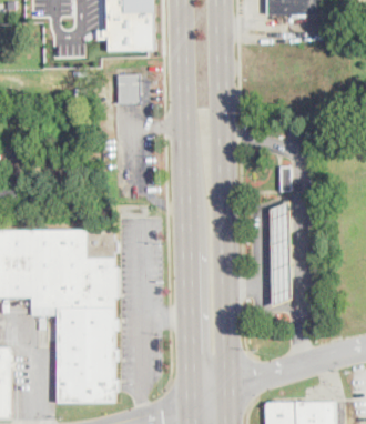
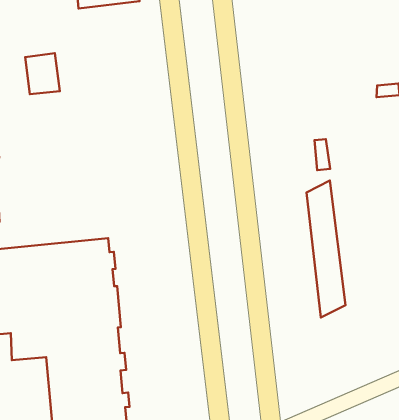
building: [115,74,140,104] -> [25,53,60,94]

